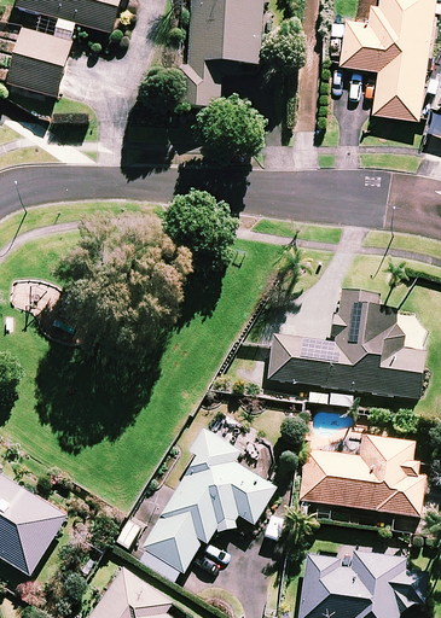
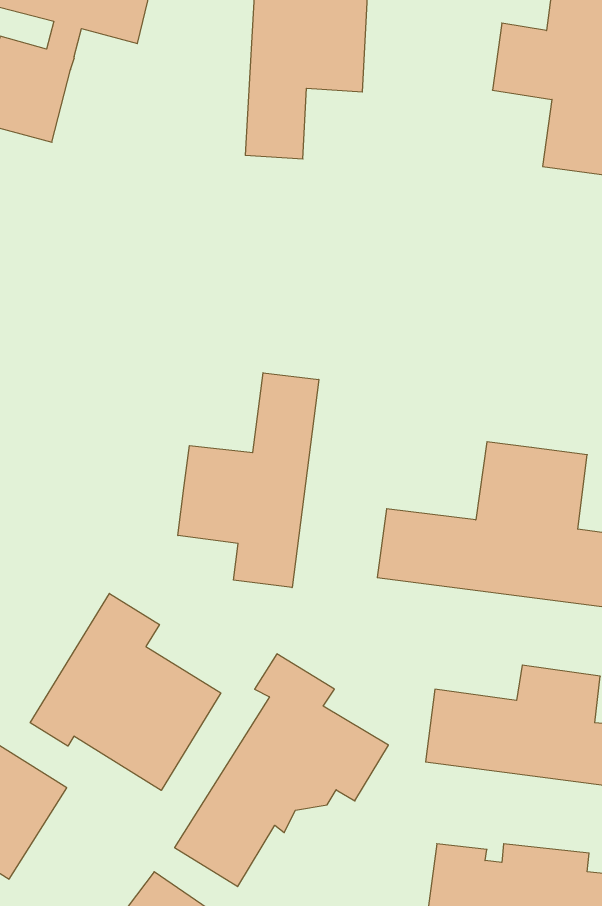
building: none -> [178,373,319,588]
building: none -> [30,593,221,790]

